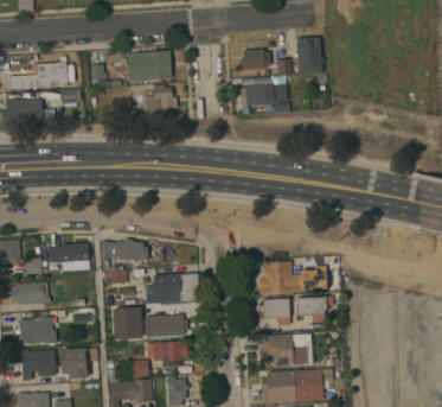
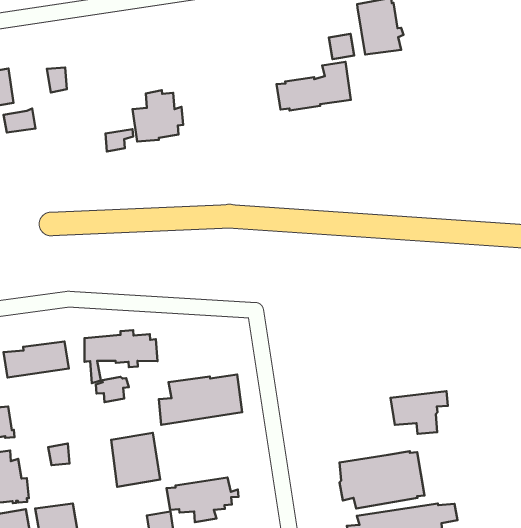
building: [239,50,270,70] -> none
building: [127,51,172,82] -> none
building: [260,261,327,294] -> none
building: [258,299,290,326] -> none
building: [145,314,187,337] -> none

